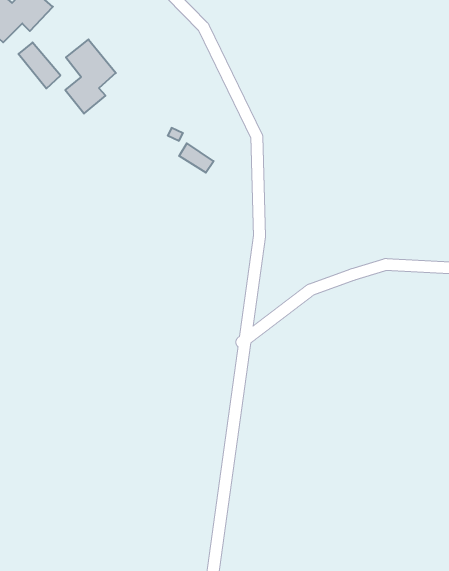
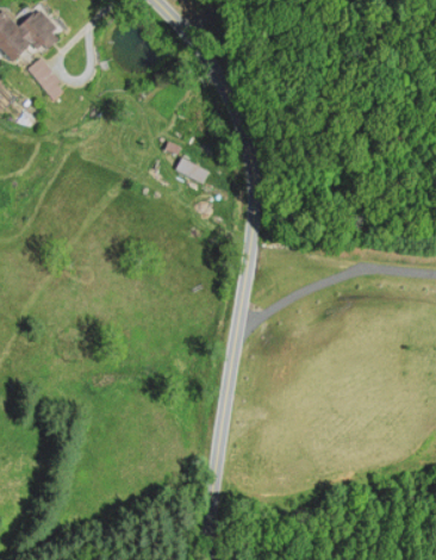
building: [65,39,116,114] -> none

